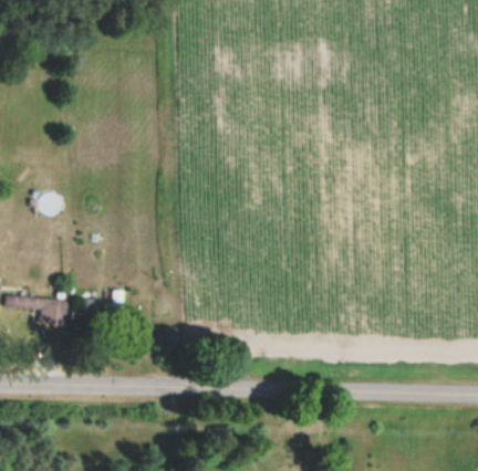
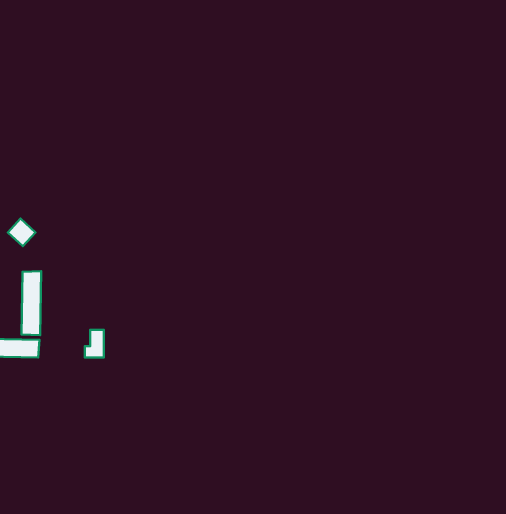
building: none -> [21,271,41,335]

